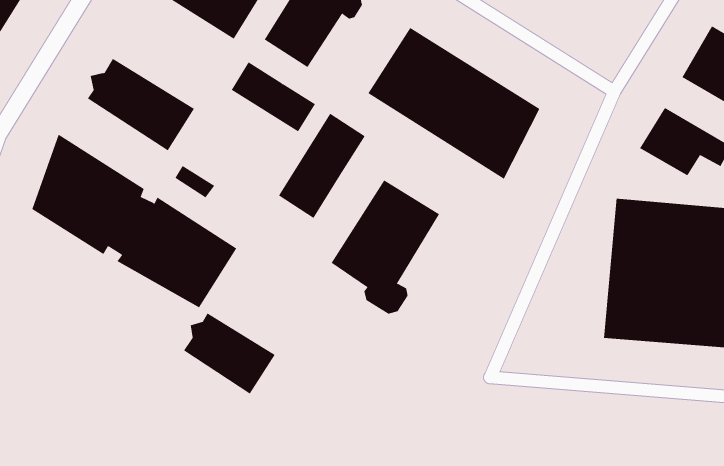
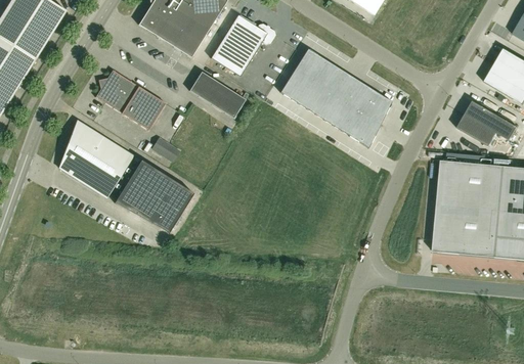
building: [278,113,366,219] -> none
building: [331,180,440,314] -> none
building: [182,312,275,395] -> none

